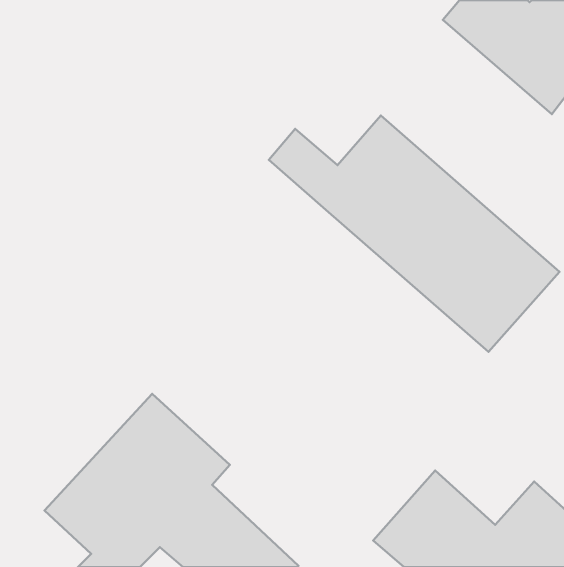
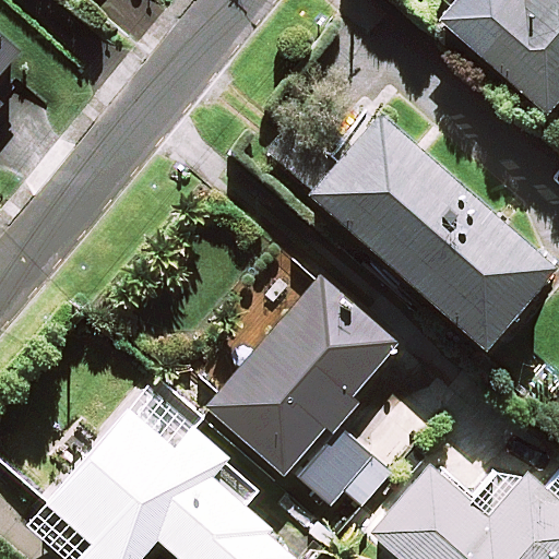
building: none -> [207,276,399,509]

